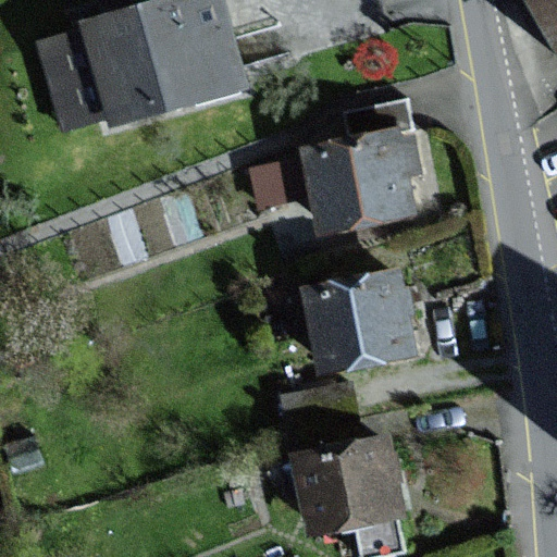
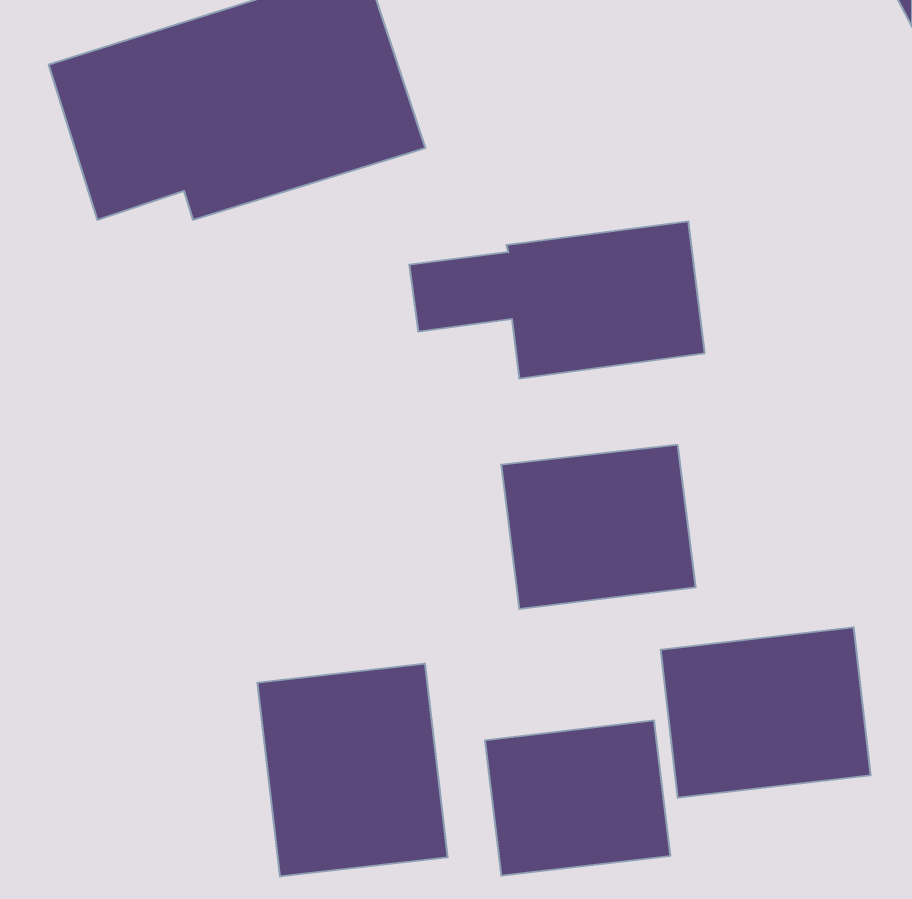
building: none -> [661,627,871,798]
building: none -> [257,663,448,877]

